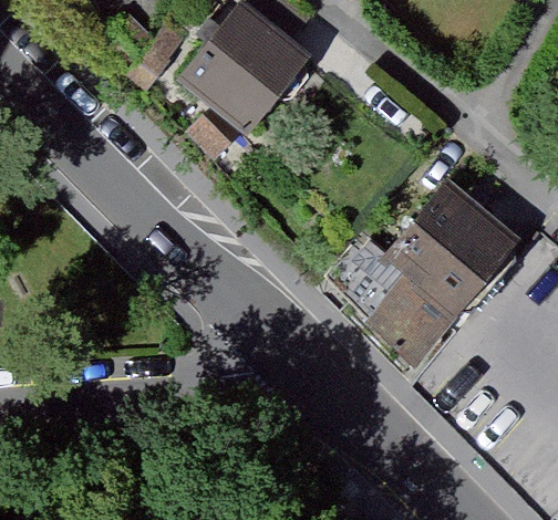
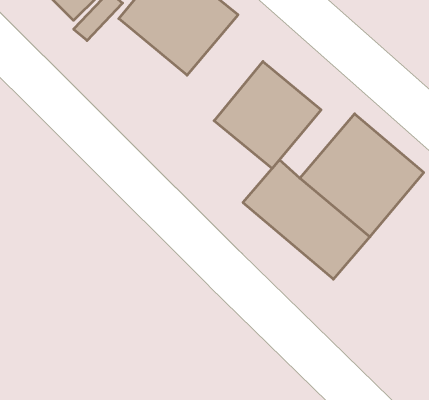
building: none -> [214,61,321,169]

